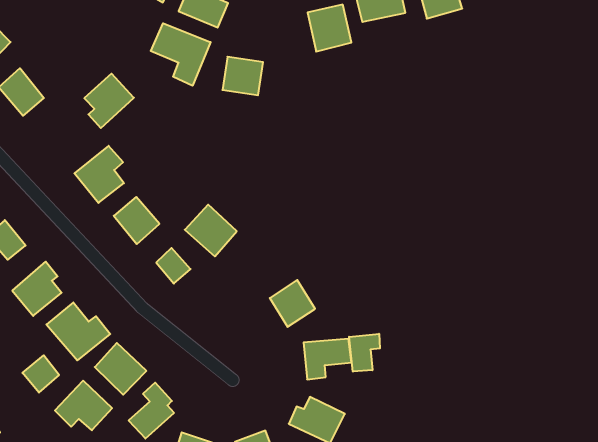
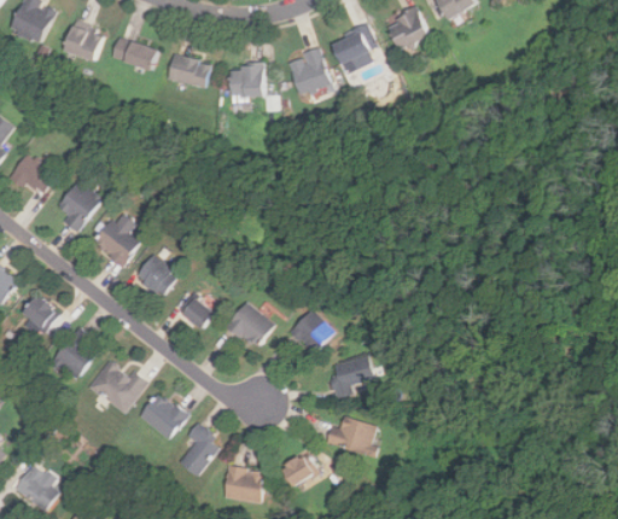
building: [151,23,211,86] -> none
building: [222,57,263,95] -> [229,64,263,95]
building: [84,74,134,128] -> [57,180,103,232]
building: [185,205,237,256] -> [226,302,274,349]
building: [349,334,380,372] -> none
building: [22,355,59,393] -> none
building: [55,381,112,430] -> none

